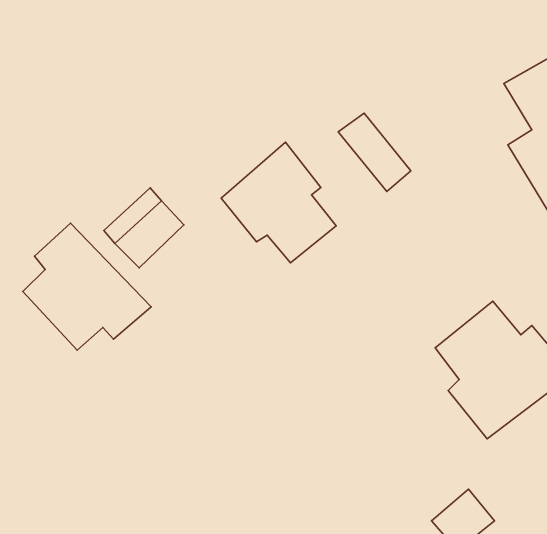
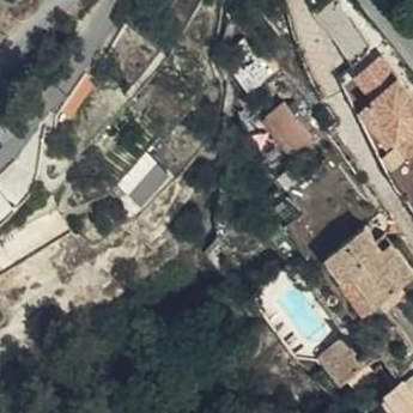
building: [221,142,336,263] -> none
building: [23,223,151,350] -> none

